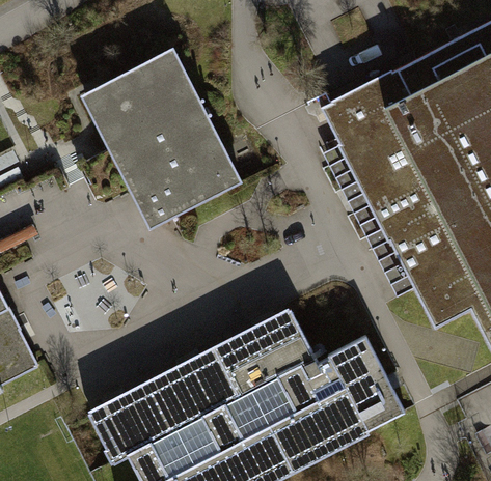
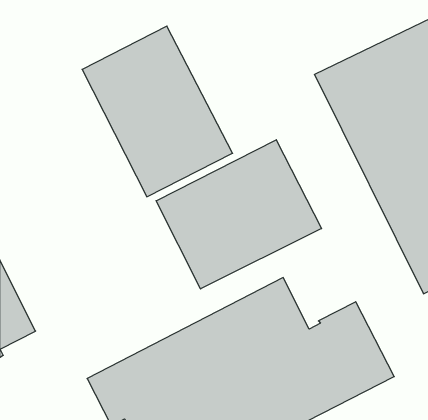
building: none -> [156,140,322,289]

